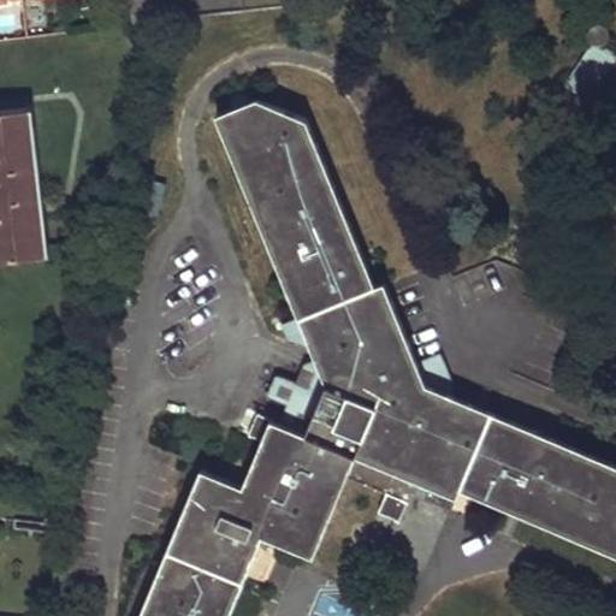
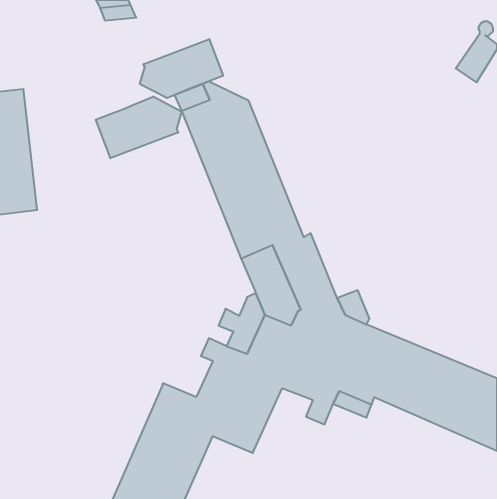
building: none -> [140,39,223,98]
building: none -> [96,96,182,158]

